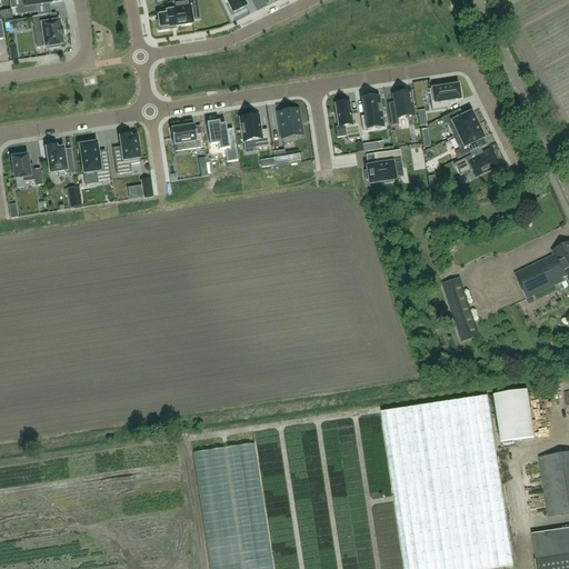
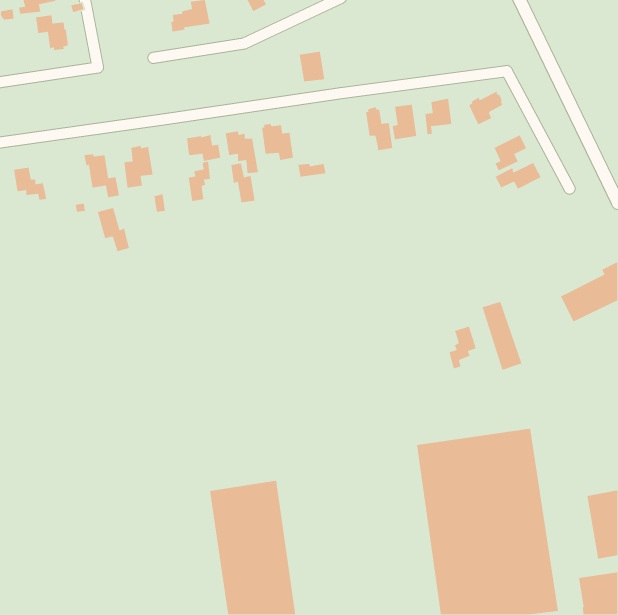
building: [278,108,302,137] -> [299,51,325,82]
building: [441,109,478,136] -> none
building: [47,144,76,173] -> none
building: none -> [188,161,211,202]
building: [365,149,402,182] -> none
building: none -> [230,163,256,203]
building: none -> [97,207,130,252]
building: none -> [449,326,477,369]
building: [495,388,535,440] -> none

